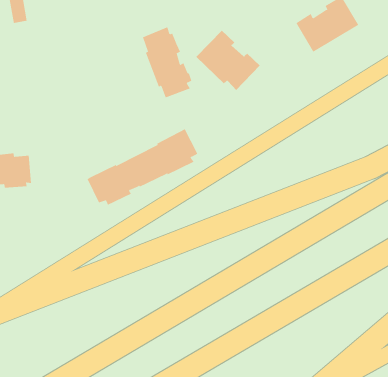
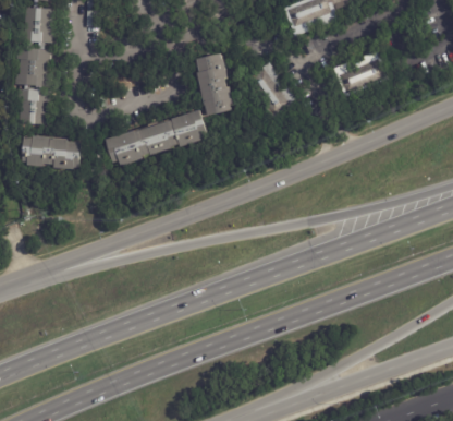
building: [87,129,198,205] -> [103,110,205,166]

